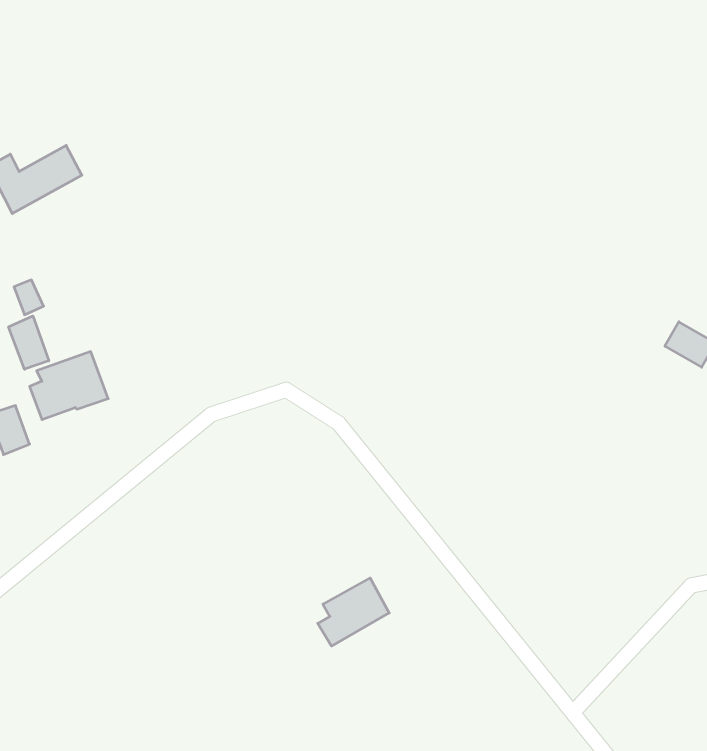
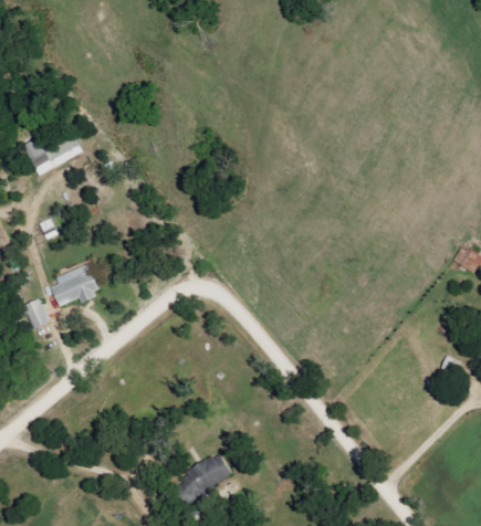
building: [9,316,49,369] -> none
building: [318,578,389,646] -> [186,452,231,495]

